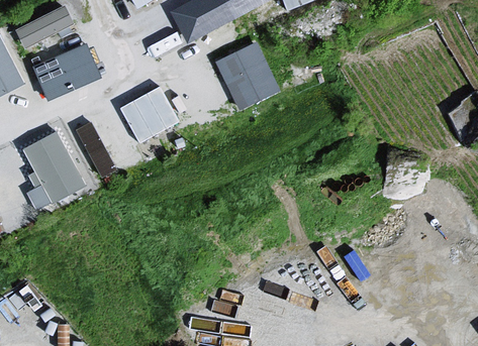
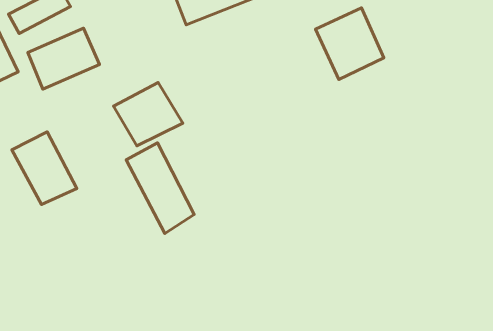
building: [214,50,279,118] -> [315,8,384,79]
building: none -> [126,143,194,233]

